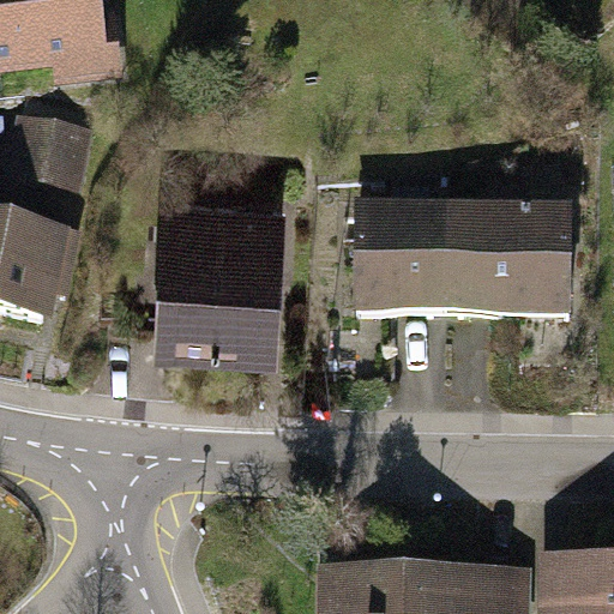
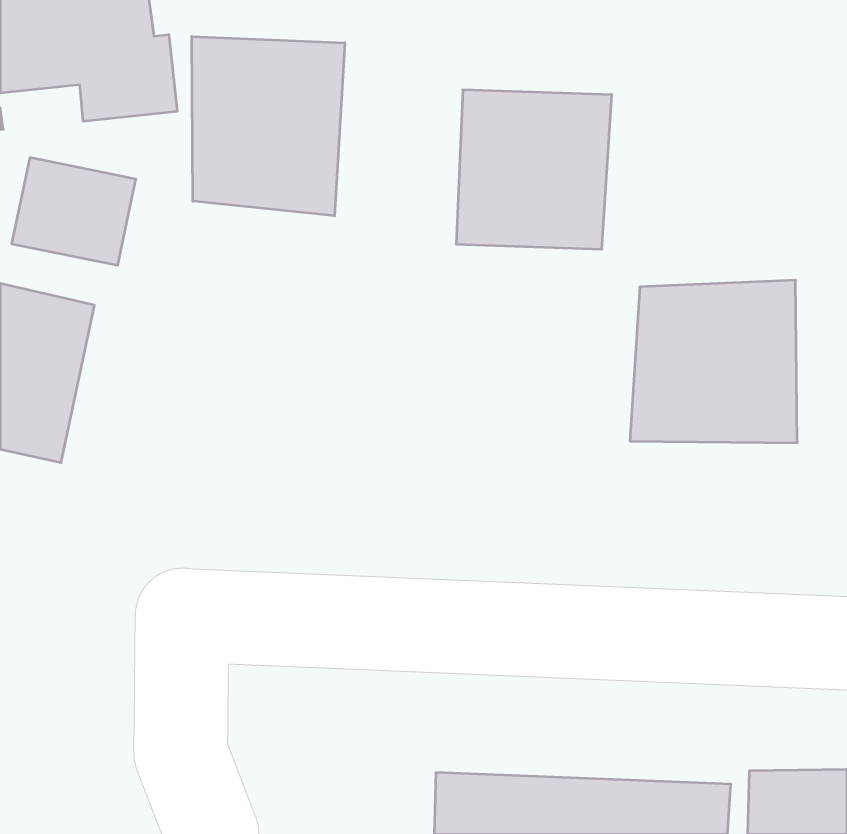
building: none -> [192,36,345,216]
building: [152,195,283,347] -> none
building: [350,204,463,319] -> [456,90,612,249]

